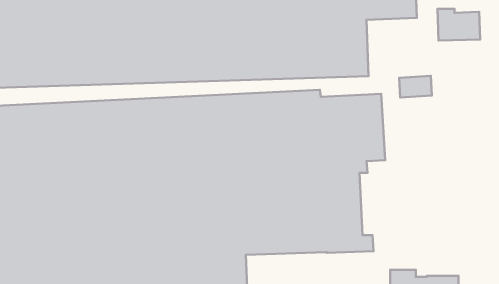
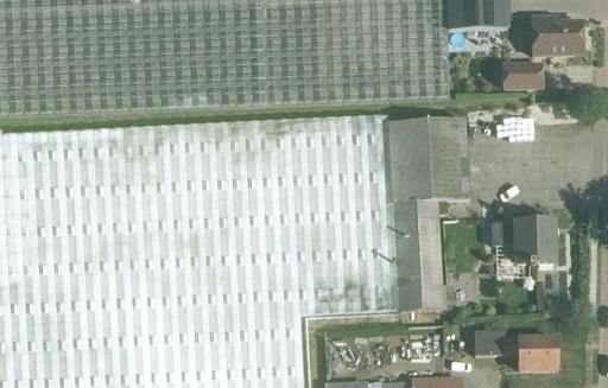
building: [399,76,432,98] -> [500,61,539,87]
building: none -> [492,221,555,266]

